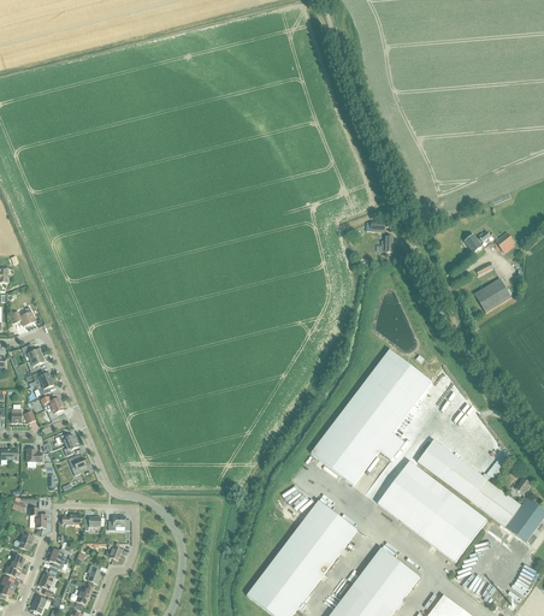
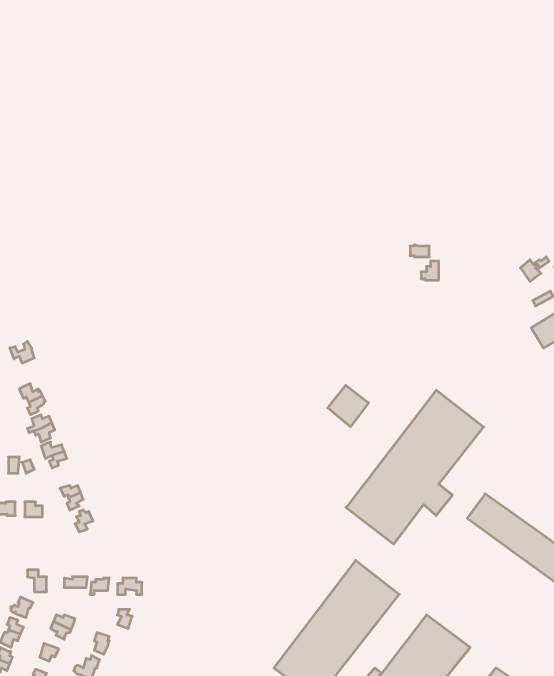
building: none -> [328,385,369,427]
building: [378,461,487,562] -> none

